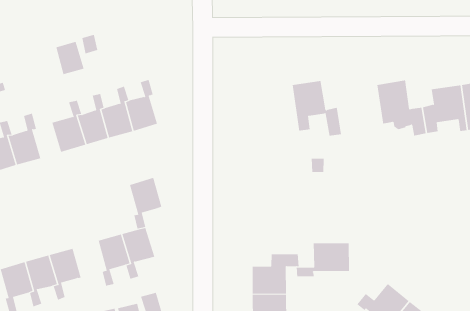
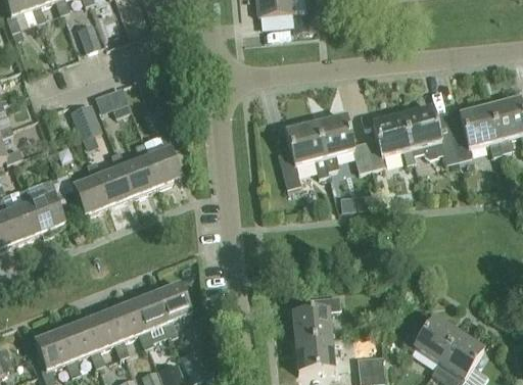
building: none -> [278,121,328,188]
building: none -> [365,114,415,169]
building: [129,177,162,229] -> [107,301,143,356]
building: [296,242,350,277] -> none

